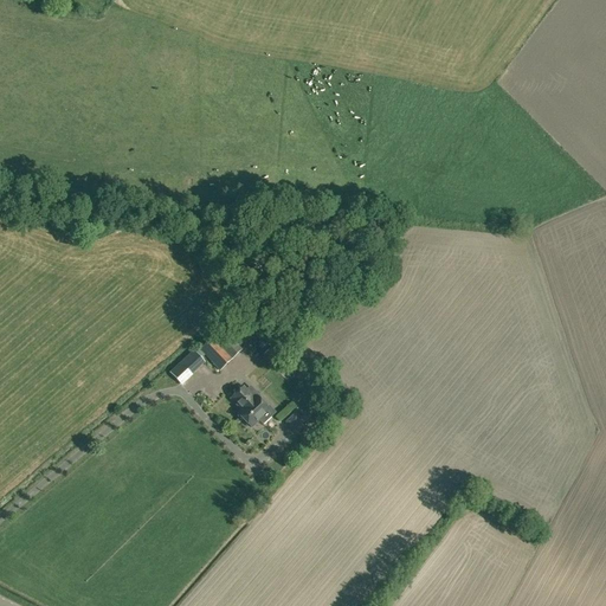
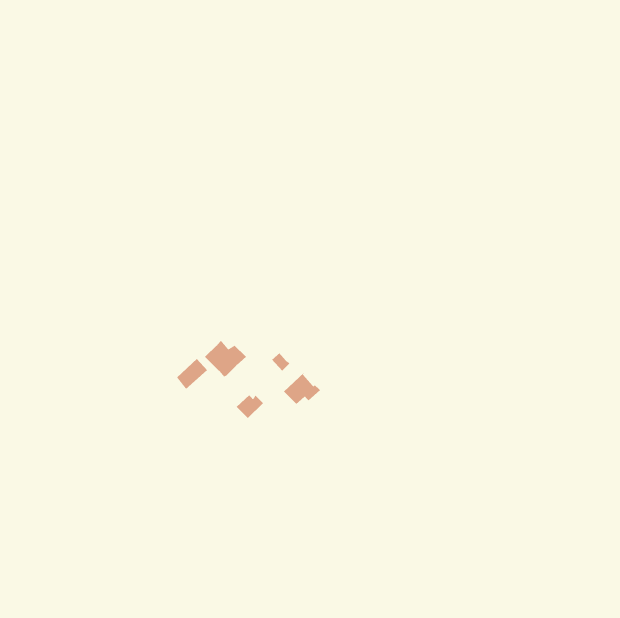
building: [237,393,273,425] -> [283,372,321,405]

